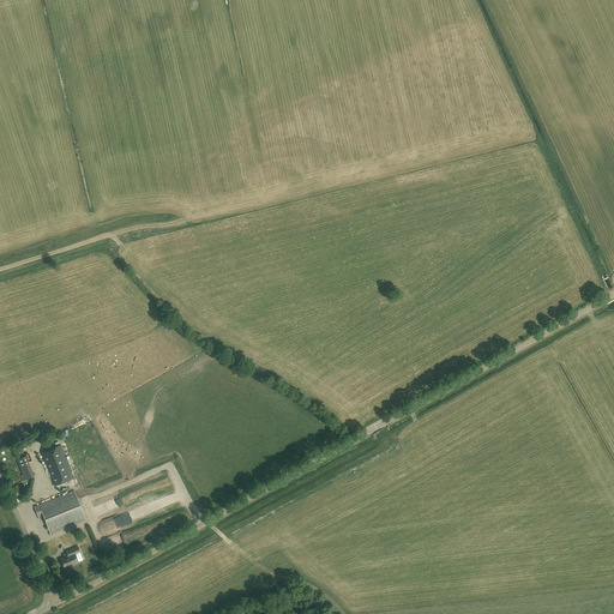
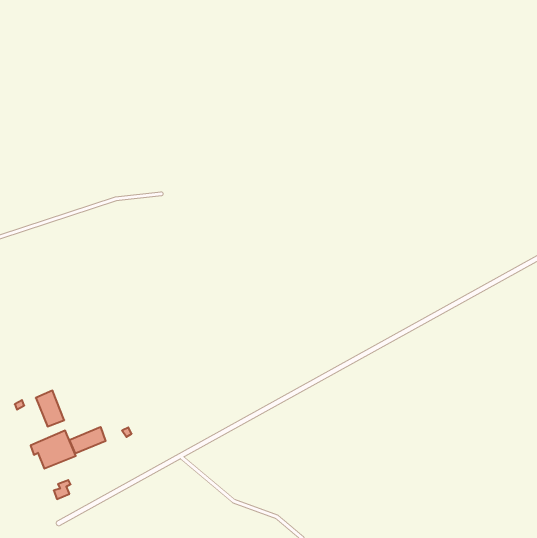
building: none -> [70,427,106,453]

